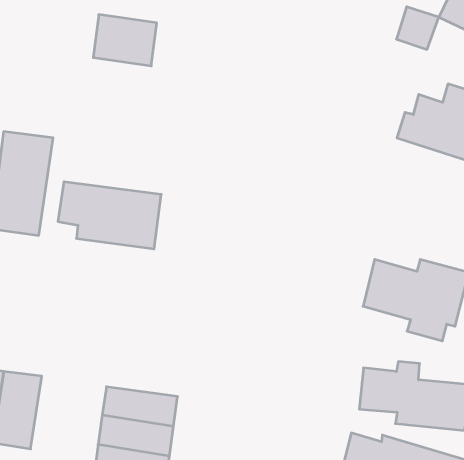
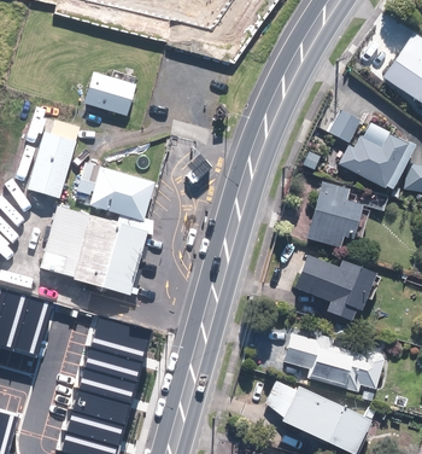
building: [396,7,439,49] -> [327,110,361,144]
building: [93,15,157,66] -> [84,74,135,117]
building: none -> [306,182,363,245]
building: none -> [40,204,150,296]

